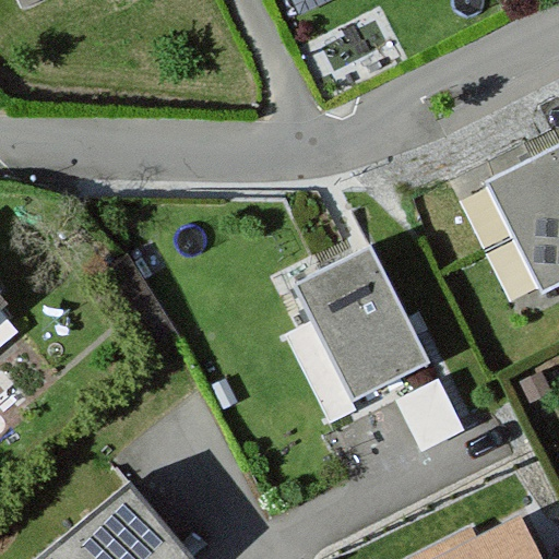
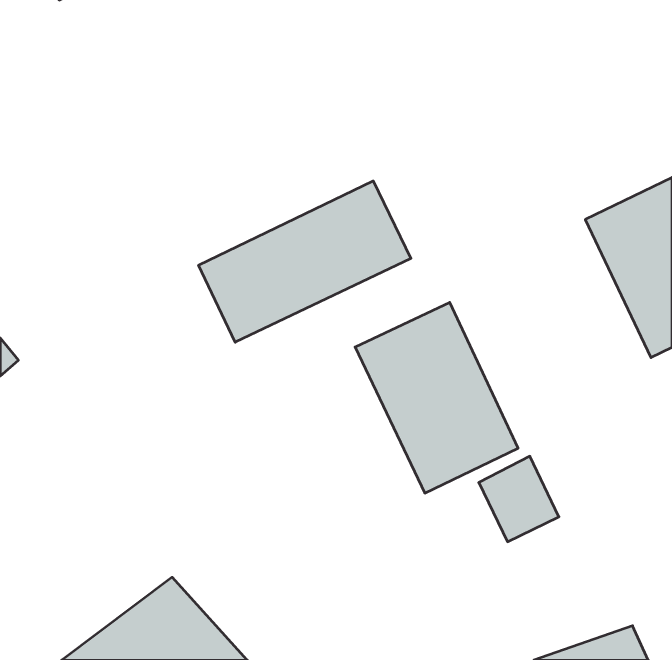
building: none -> [199,181,411,342]

